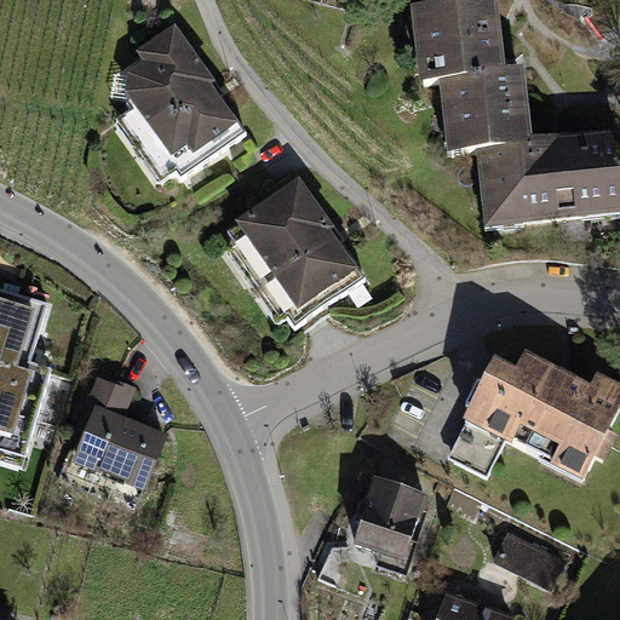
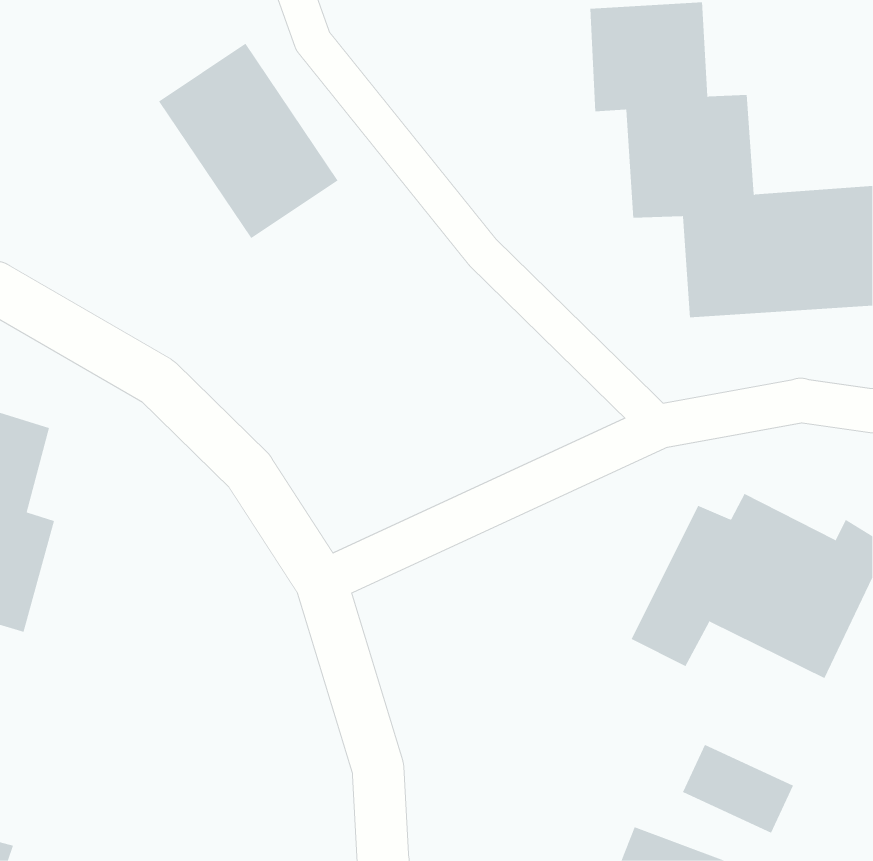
building: [231,179,360,312] -> none
building: [67,371,171,484] -> none
building: [355,476,431,559] -> none

